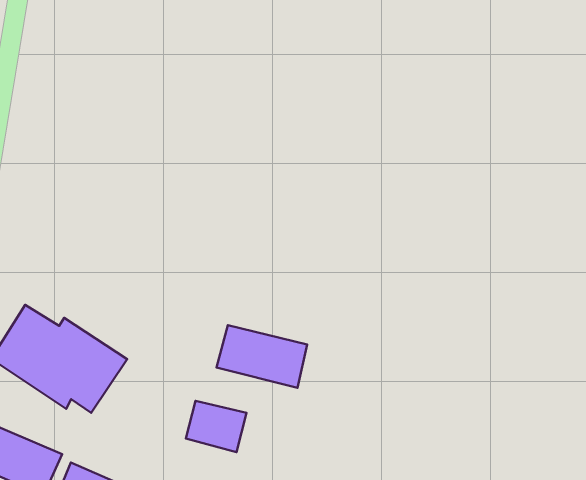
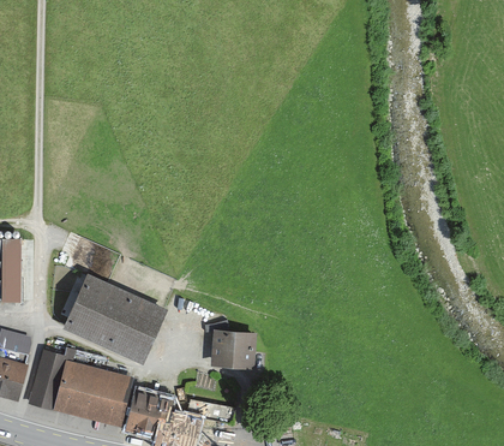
building: [217,325,307,388] -> none

